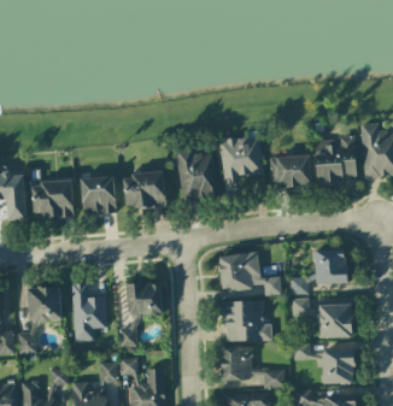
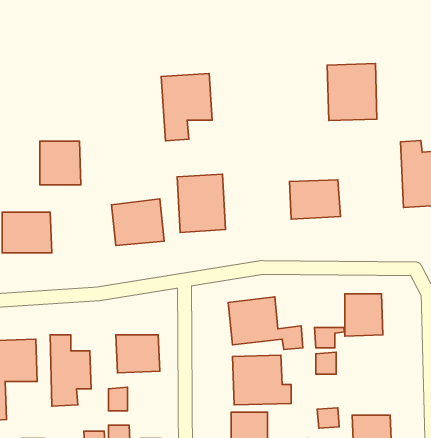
building: [221,137,263,193] -> [161,74,212,141]
building: [316,137,357,184] -> [327,64,377,121]
building: [82,177,116,213] -> [40,141,81,185]
building: [318,304,352,339] -> none

